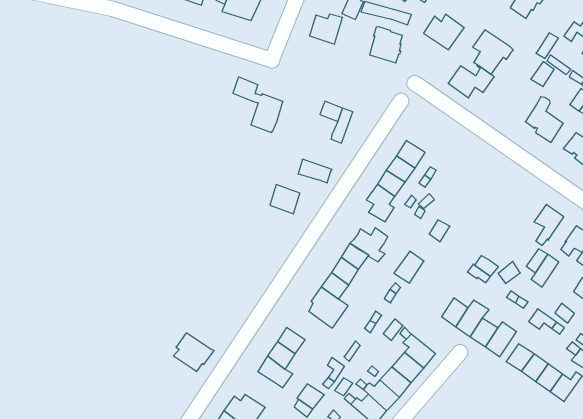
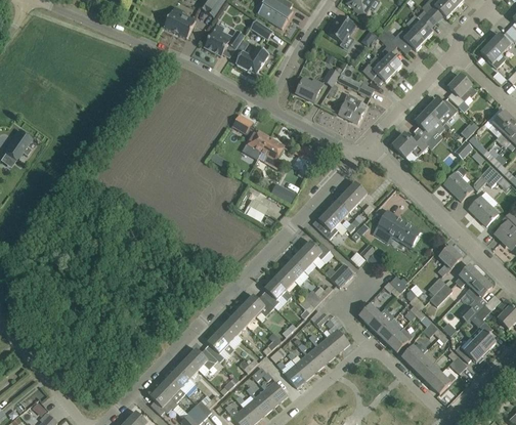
building: [424,14,464,50] -> [426,98,457,125]
building: none -> [261,137,284,170]
building: none -> [373,210,420,246]
building: none -> [243,294,273,321]
building: [173,333,214,371] -> [204,333,234,363]

